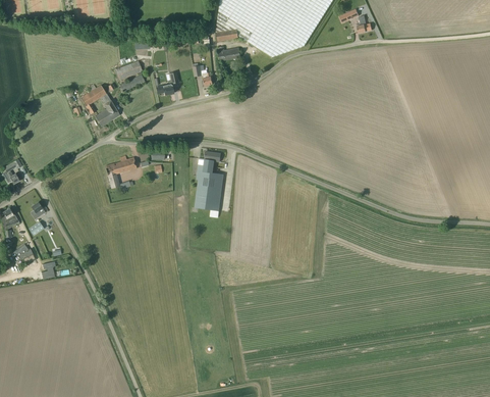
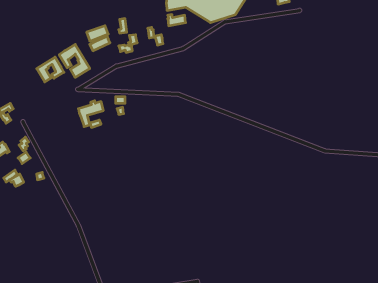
building: none -> [37,57,64,82]
building: [188,150,223,216] -> none

